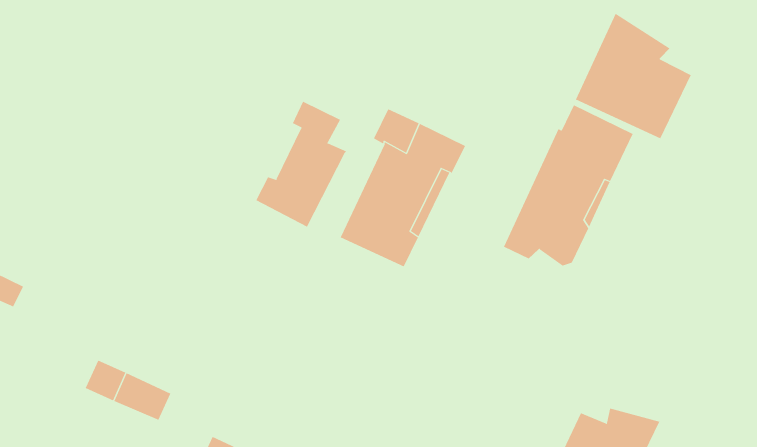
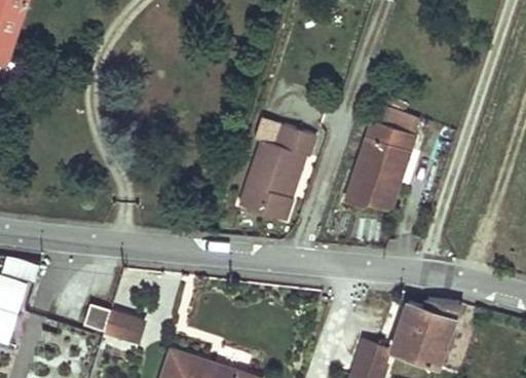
building: [575,13,691,139] -> none
building: [256,101,347,228] -> none

